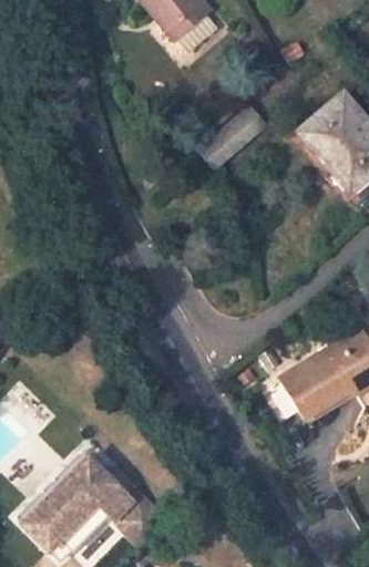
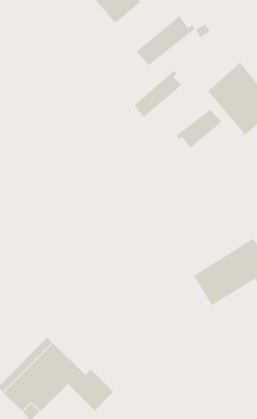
building: none -> [136,15,196,66]
building: none -> [176,109,222,149]

